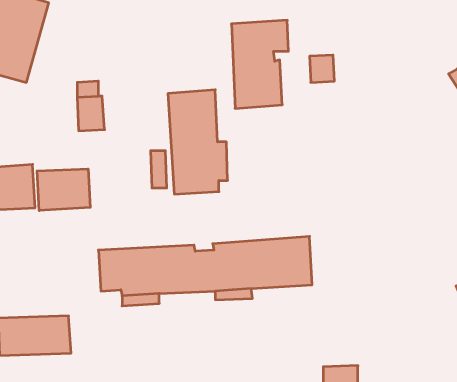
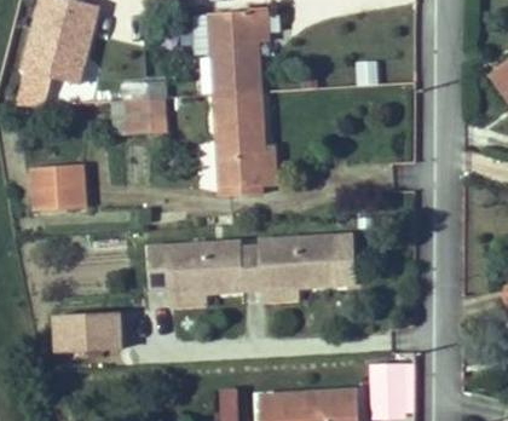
building: [231,20,288,108] -> [210,10,266,96]
building: [37,169,90,211] -> none

